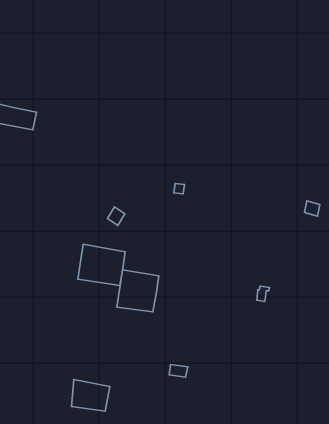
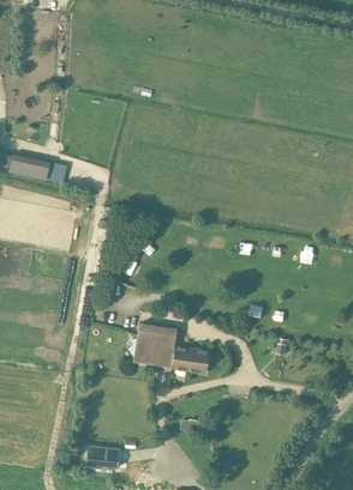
building: [78,244,125,286] -> none
building: none -> [170,346,209,373]

